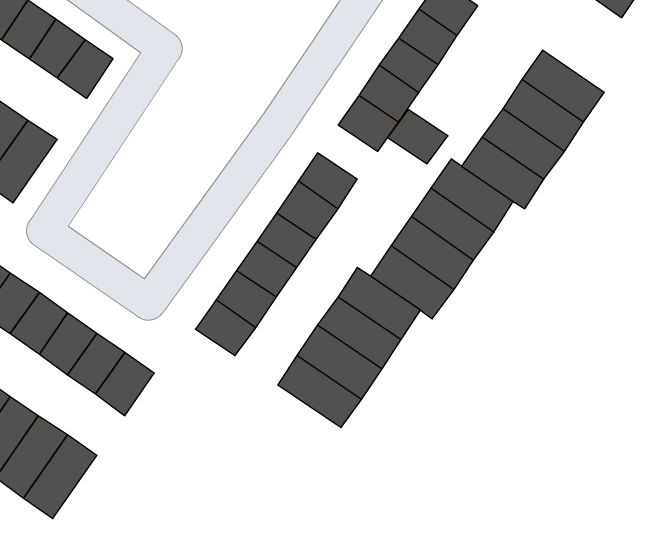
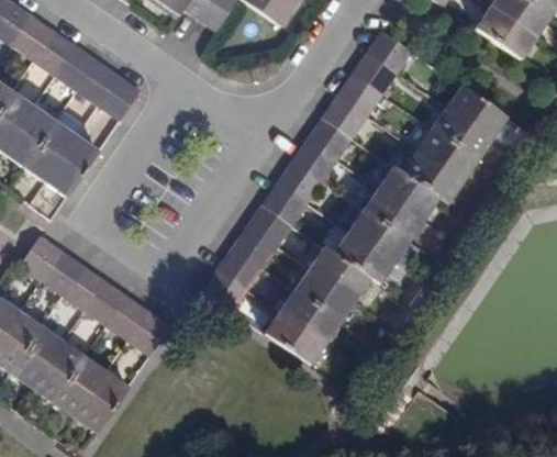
building: [388,109,448,164] -> [293,138,338,179]

